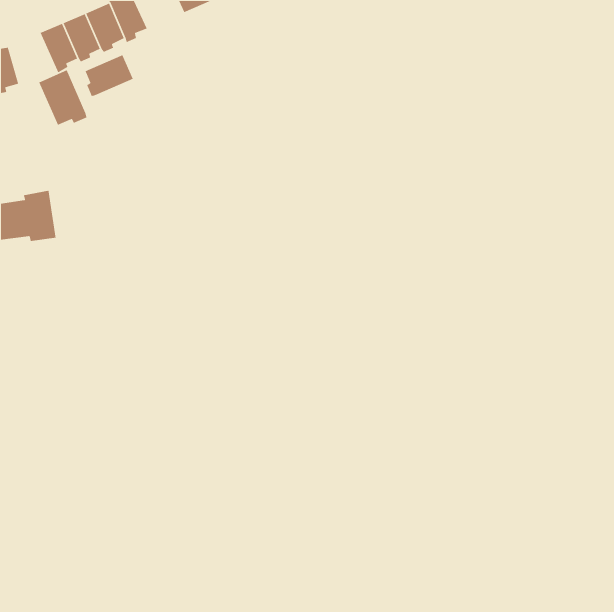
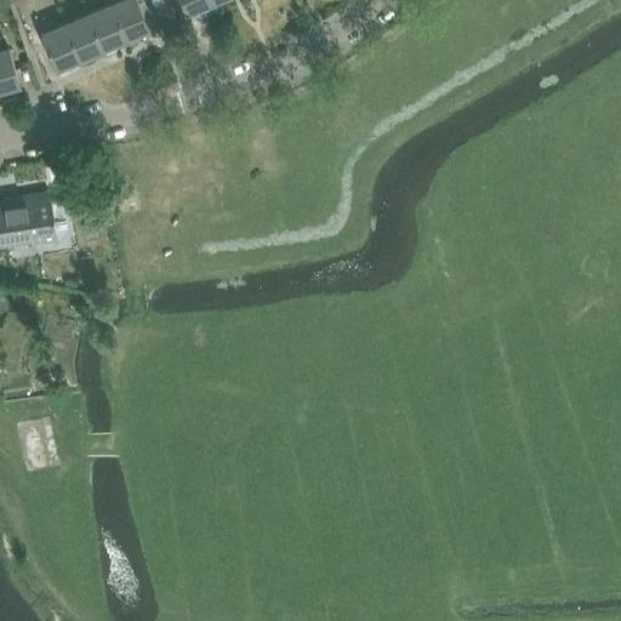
building: [85,54,134,97] -> none
building: [38,69,87,126] -> none

